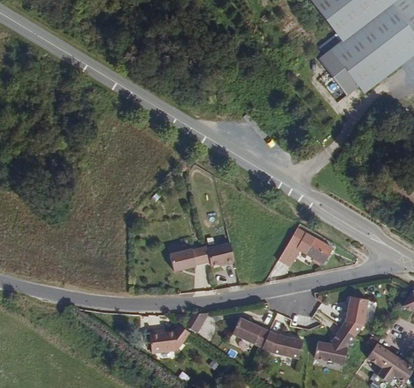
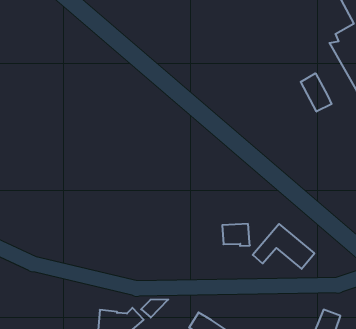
building: none -> [301,73,332,112]
building: [205,241,233,263] -> [222,224,250,246]
building: [167,248,193,270] -> none

